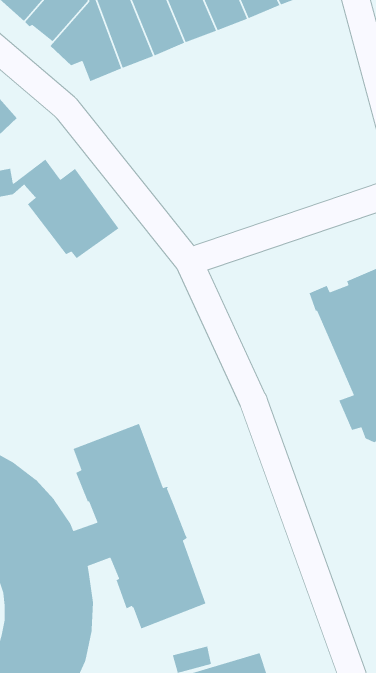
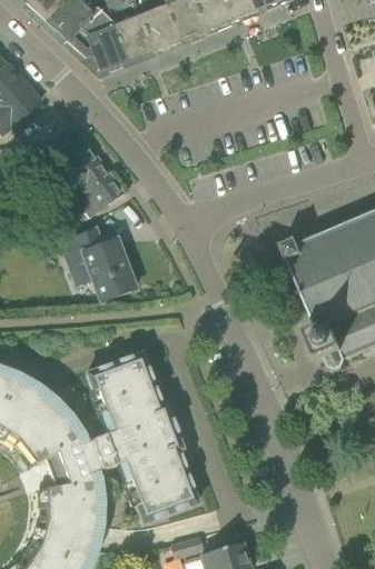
building: none -> [60,224,136,301]

